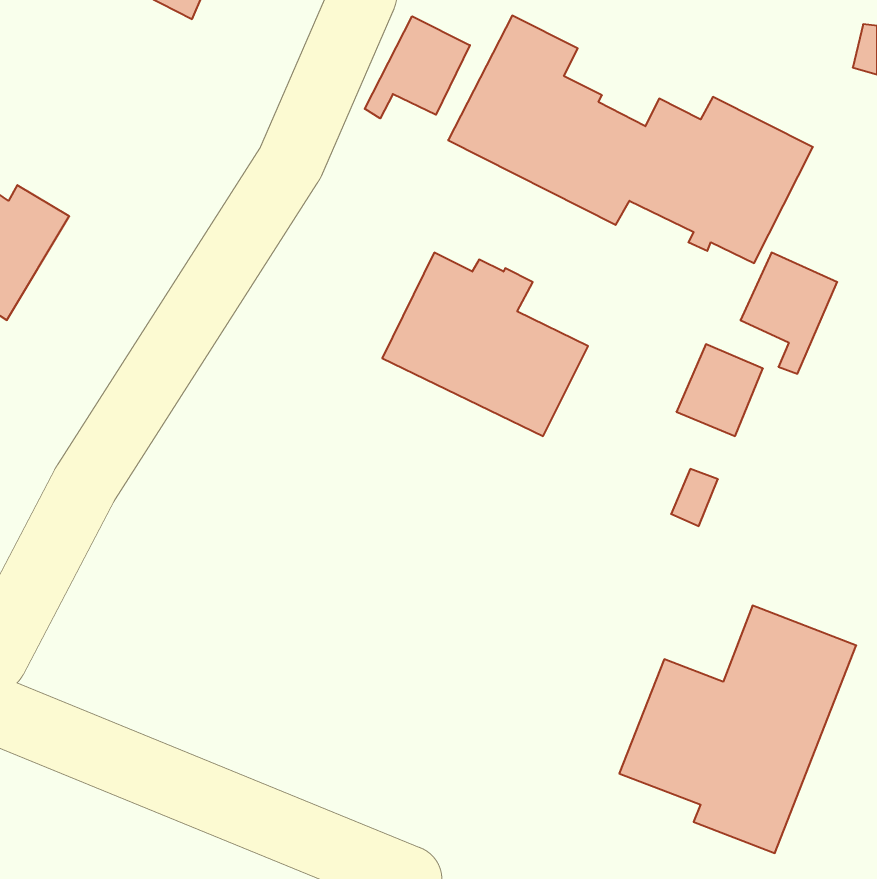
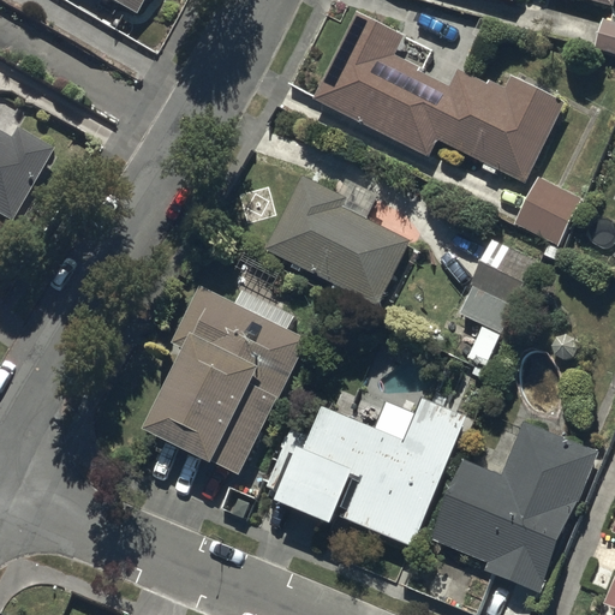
building: [365,16,470,118] -> none
building: none -> [144,286,306,476]
building: none -> [275,398,465,544]

